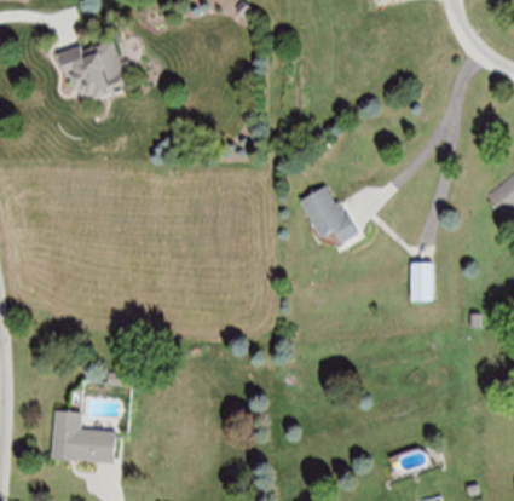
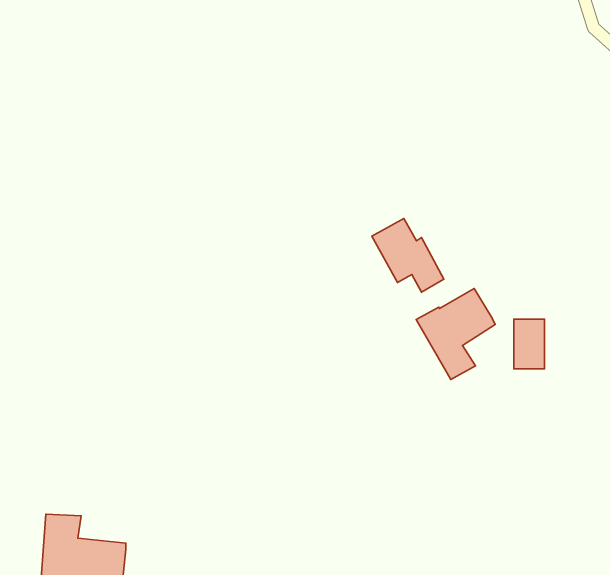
building: [57,42,127,103] -> none
building: none -> [416,289,495,379]

